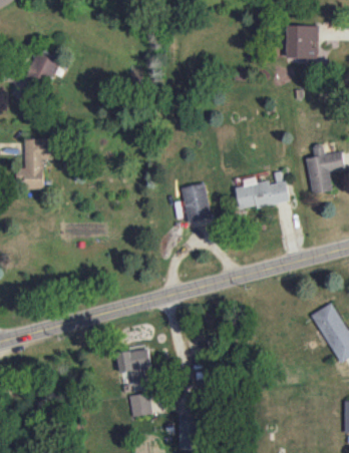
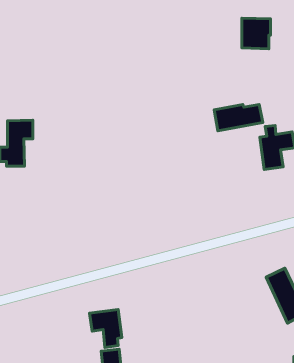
building: [26,52,59,86] -> none
building: [236,181,290,210] -> [214,105,263,131]
building: [181,182,211,222] -> none

